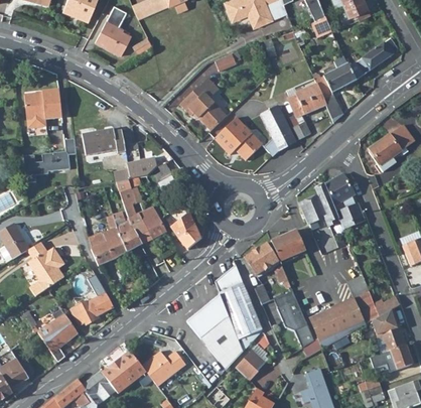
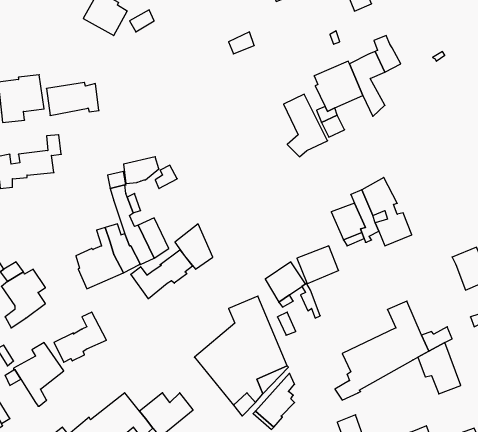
building: [349,38,398,80] -> none
building: [180,79,222,126] -> none
building: [215,117,263,160] -> none
building: [370,125,414,171] -> none
building: [82,128,125,155] -> [46,82,99,115]
building: none -> [131,250,193,299]
building: [274,290,314,348] -> none
building: [370,345,410,373] -> none

